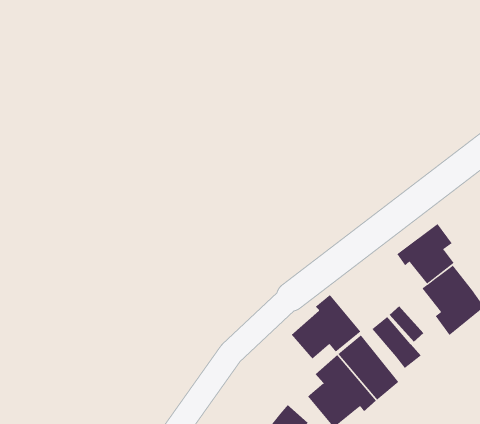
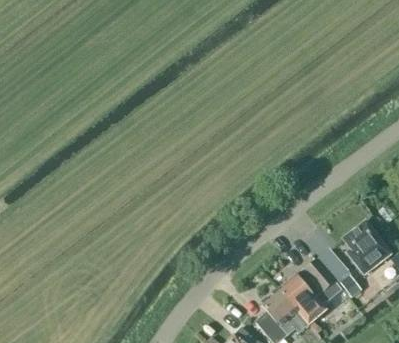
building: [397,223,455,284] -> none
building: [291,294,361,359] -> none

